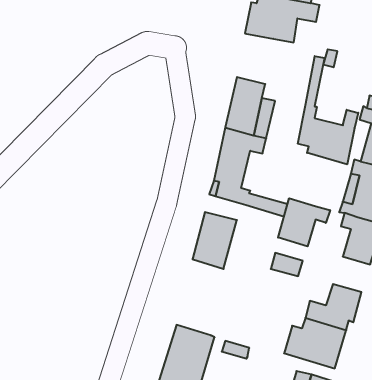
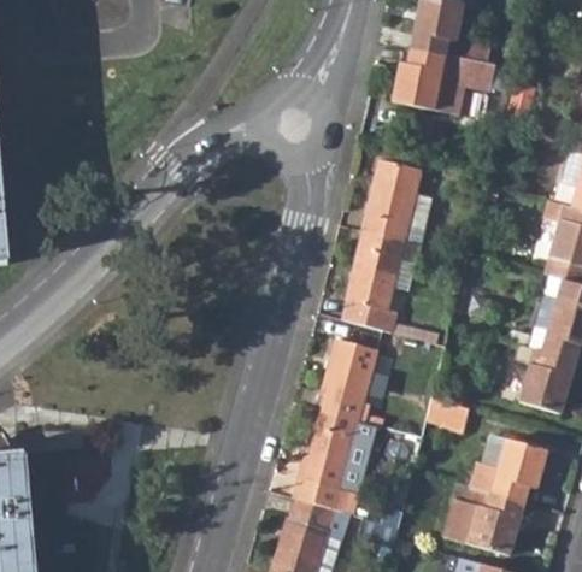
building: [298,56,358,164] -> none
building: [278,198,330,246] -> none
building: none -> [298,407,361,511]

